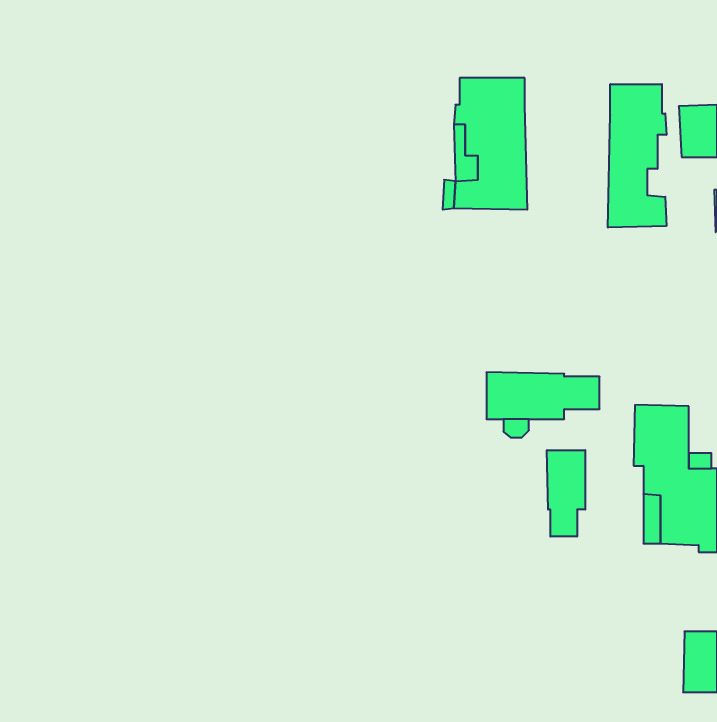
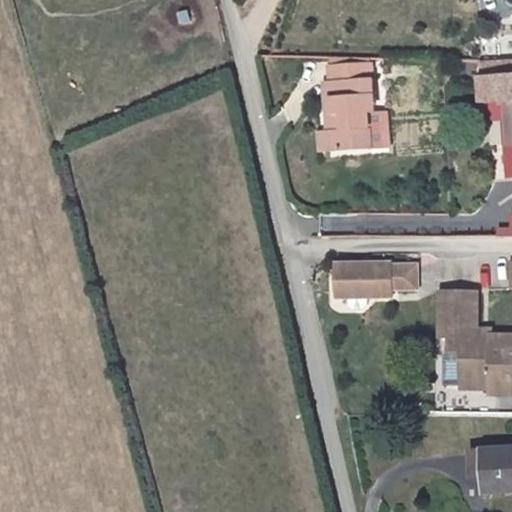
building: [608,84,666,228] -> none
building: [547,450,585,537] -> none

